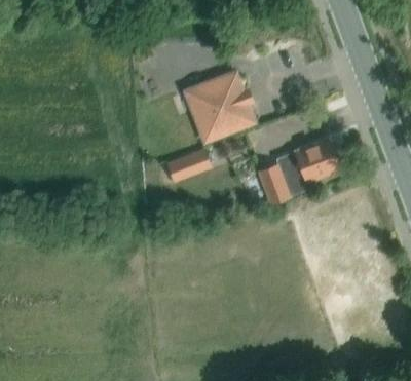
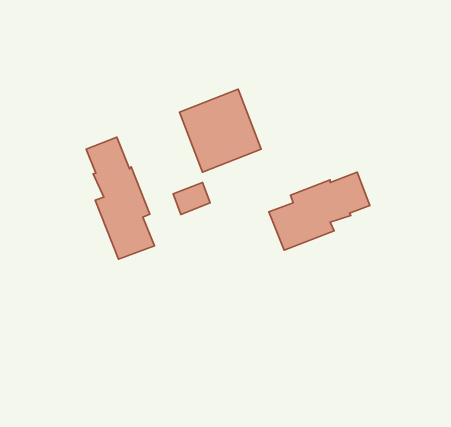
building: none -> [86,137,154,259]

